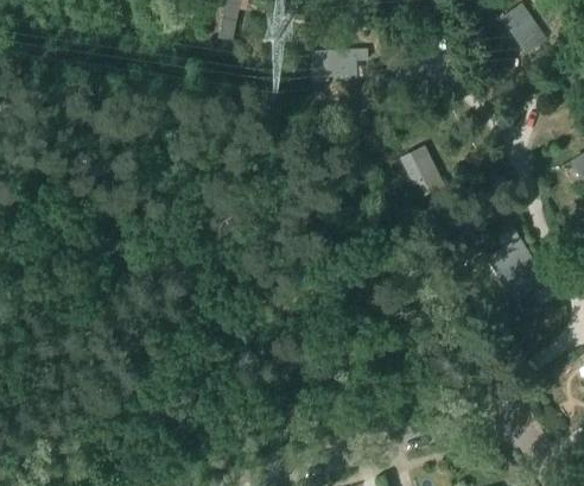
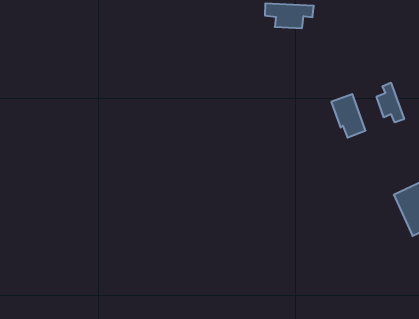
building: none -> [377,83,404,122]

